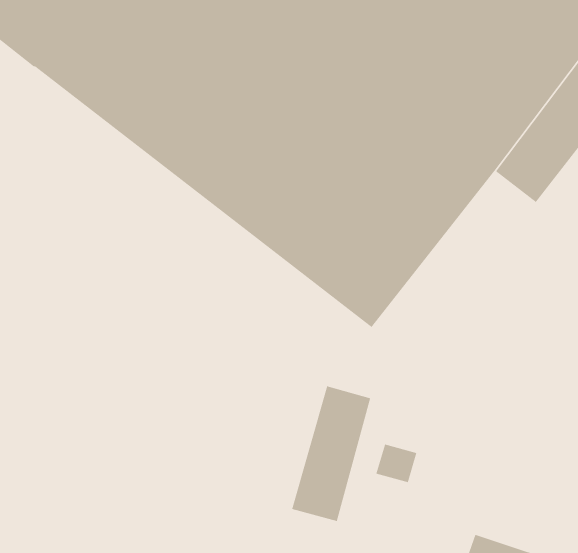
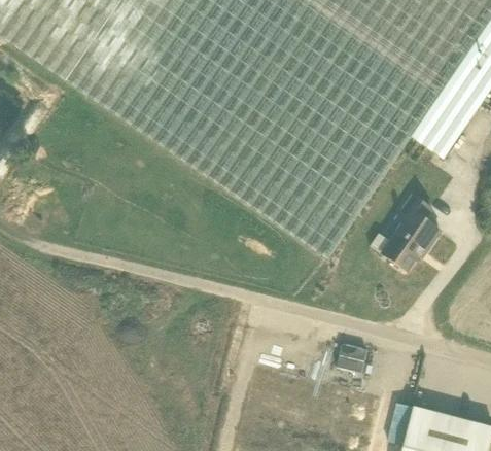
building: none -> [372,194,441,270]
building: [291,386,371,522] -> none

